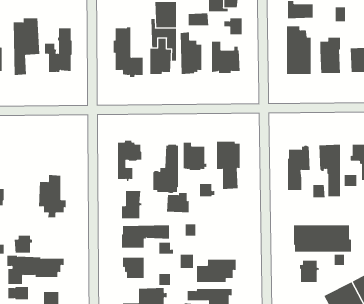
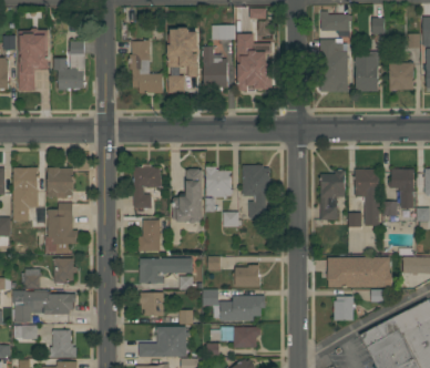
building: none -> [12,167,37,221]
building: none -> [47,167,72,197]
building: [166,193,189,213] -> [234,265,259,287]
building: none -> [53,258,75,283]

